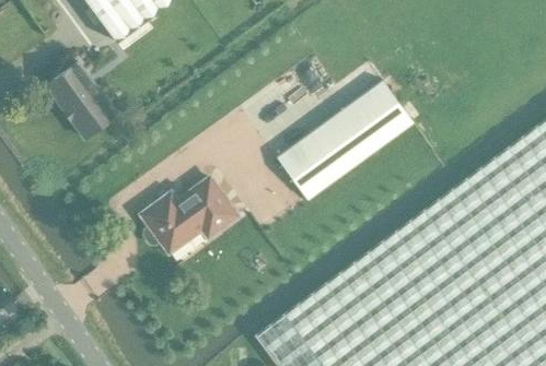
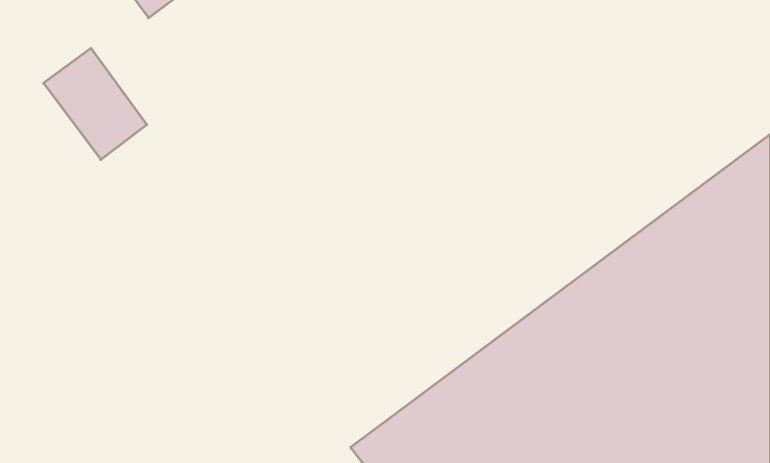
building: [276,80,413,199] -> none
building: [140,177,237,252] -> none

